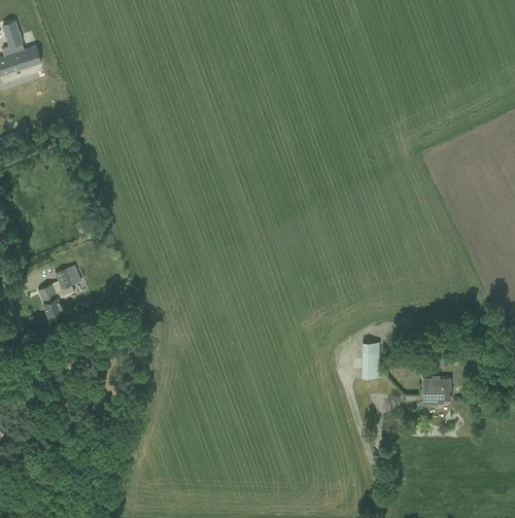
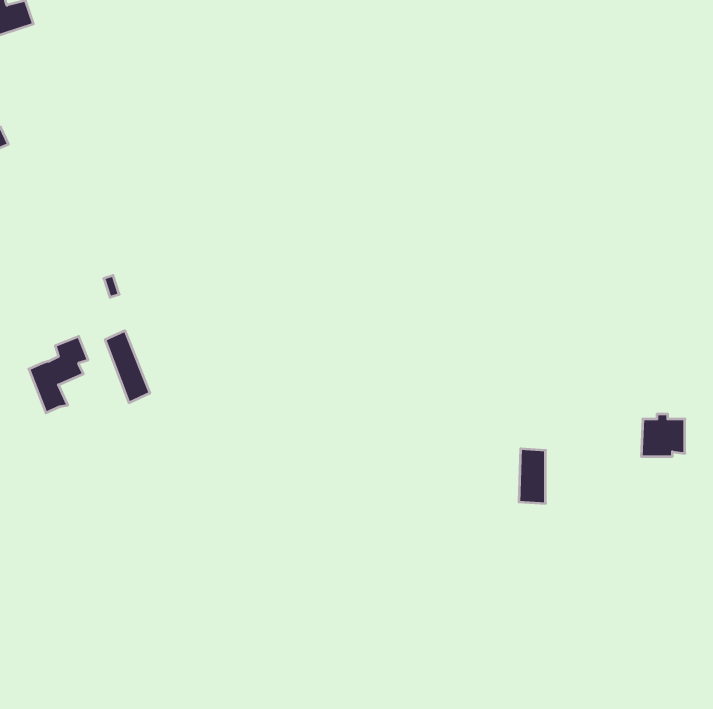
building: none -> [105,331,150,403]
building: [421,375,450,403] -> [641,414,685,456]

